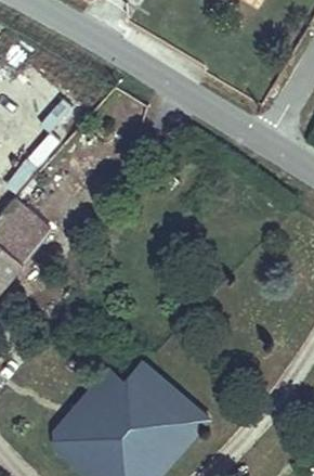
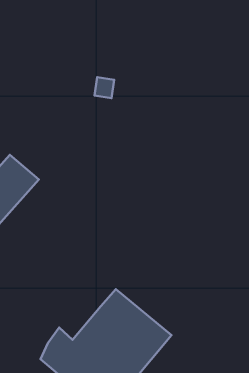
building: [76,368,127,424] -> none

